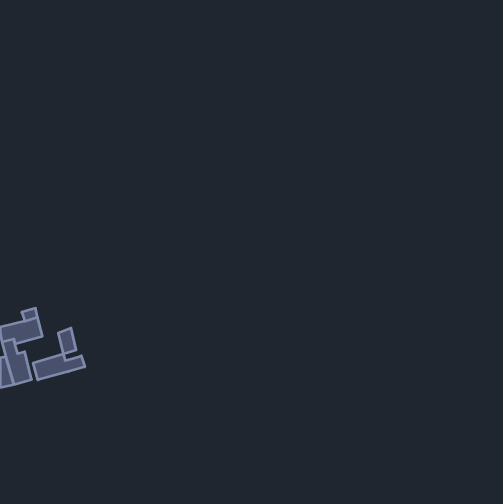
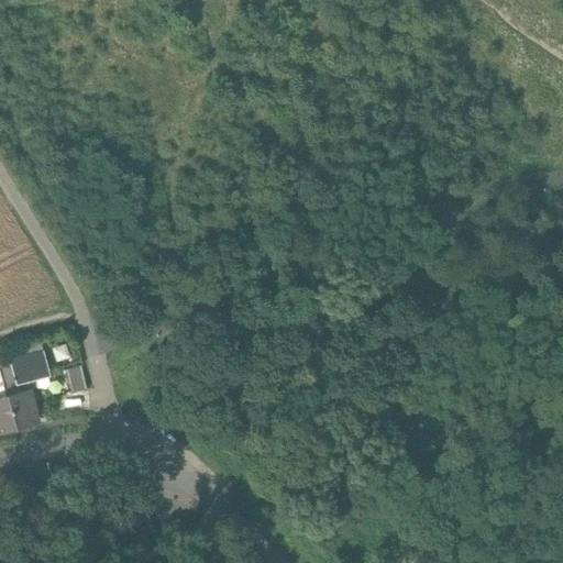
building: [33,354,85,380] -> none

